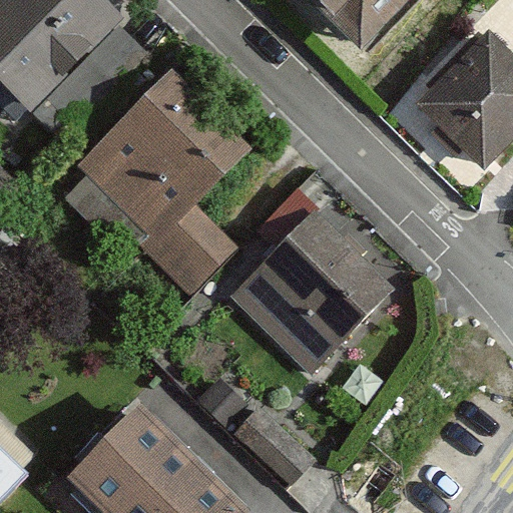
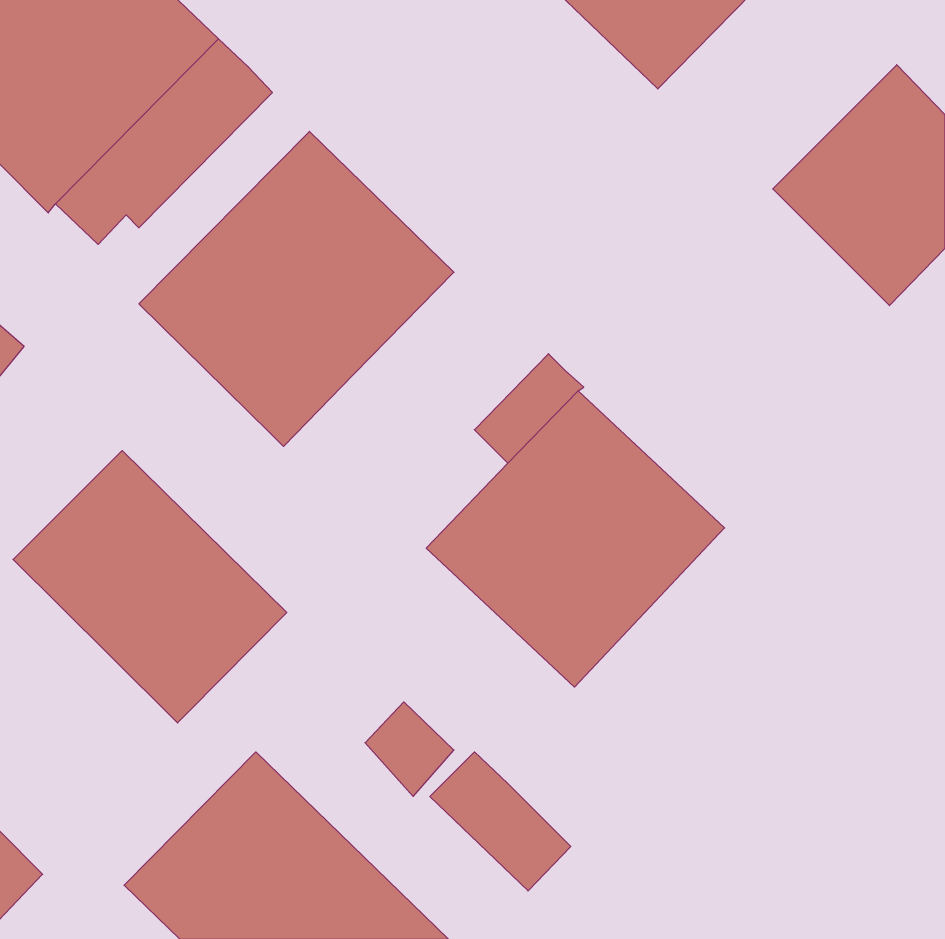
building: [138,202,238,297] -> none
building: none -> [13,451,287,723]

